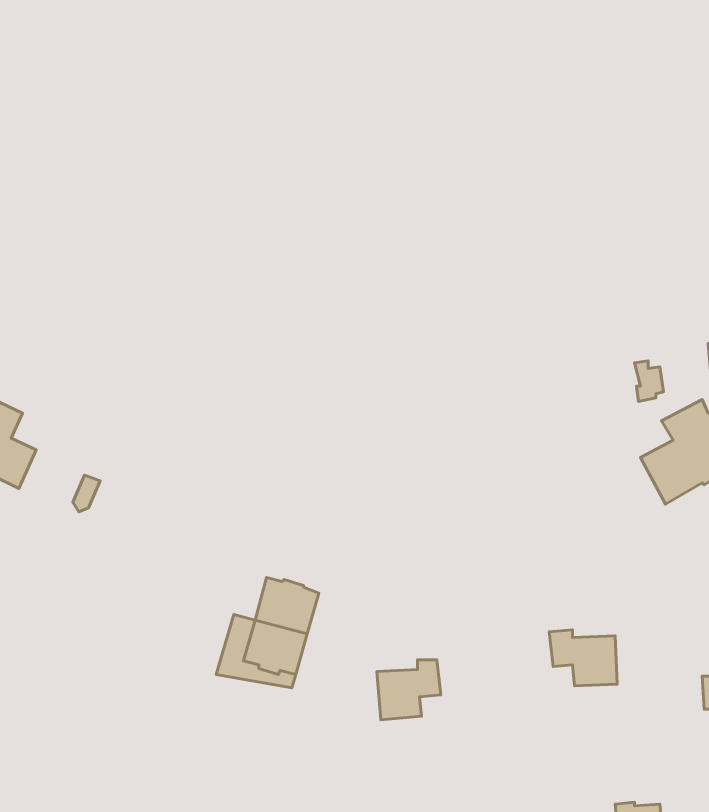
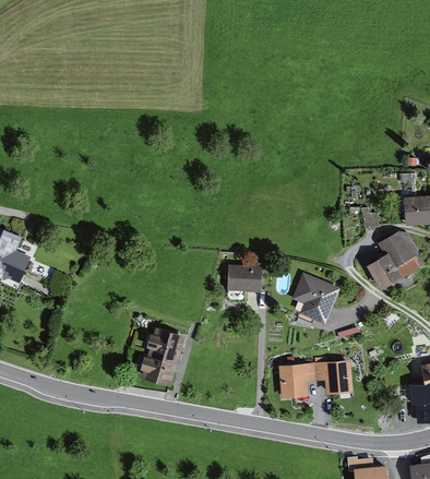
building: none -> [226,266,262,300]
building: none -> [291,274,338,327]
building: [377,660,441,720] -> [282,361,318,395]

